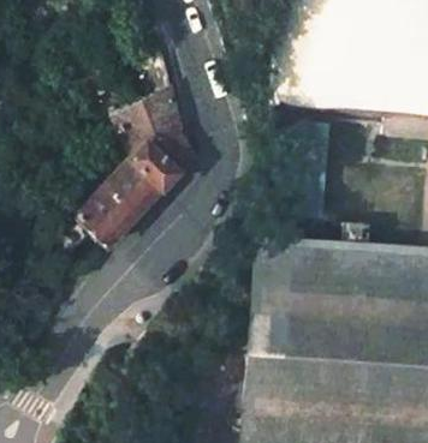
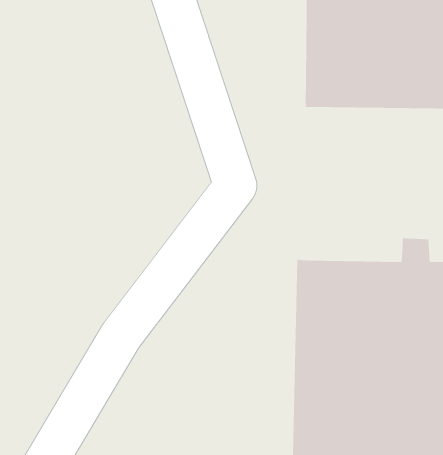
building: [78,85,197,243] -> none

